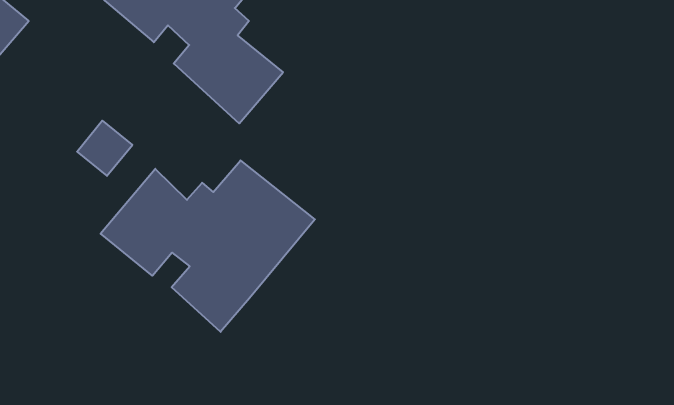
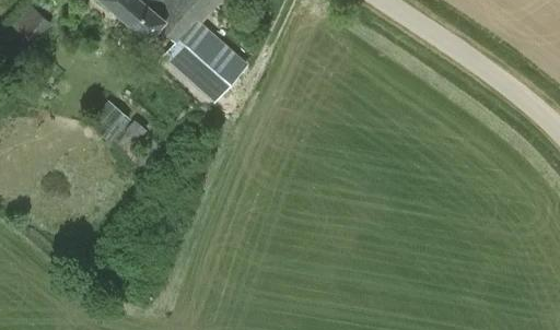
building: [101,160,315,332] -> none

